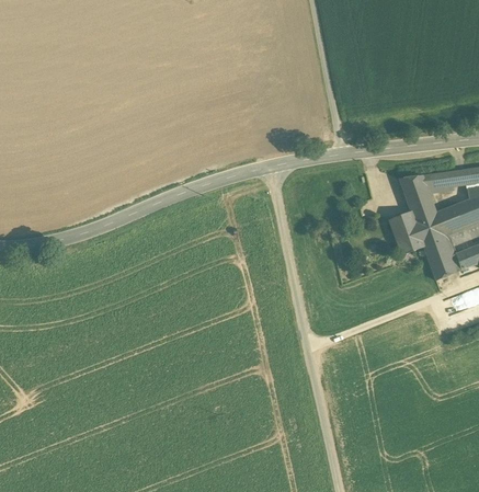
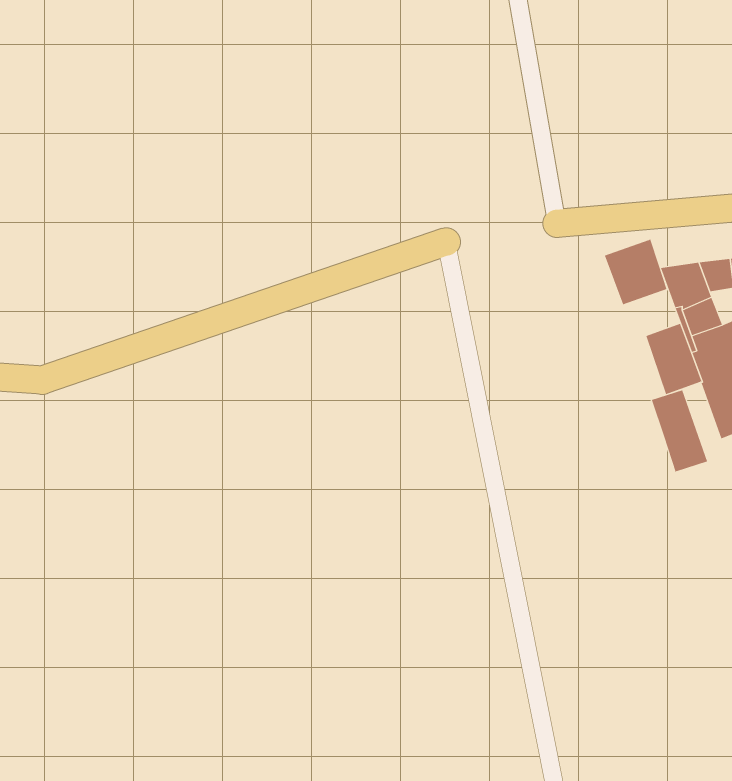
building: none -> [604,238,667,305]
building: none -> [651,389,708,473]

